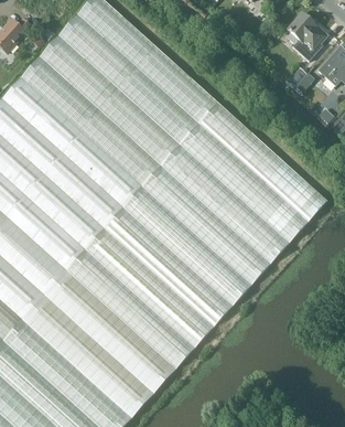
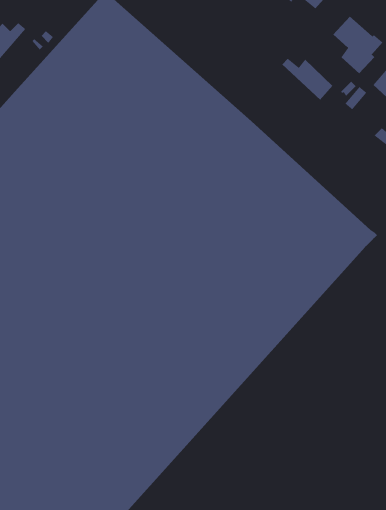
building: none -> [281,58,333,101]

